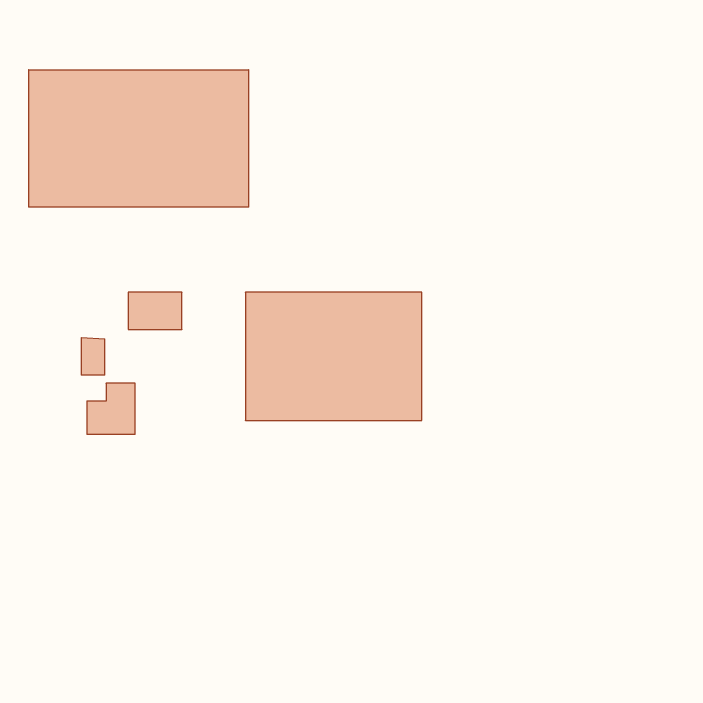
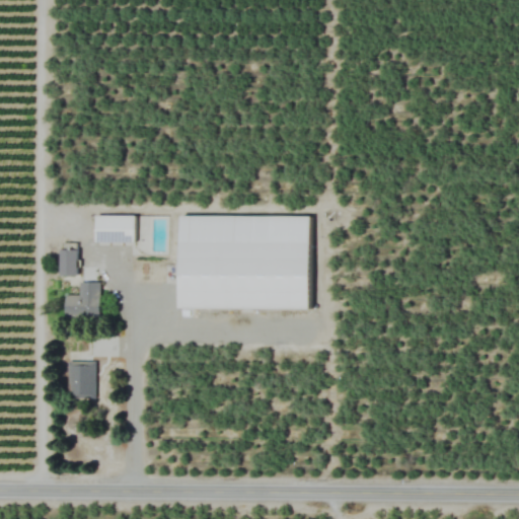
building: [29,70,249,207] -> none
building: none -> [67,360,93,396]

